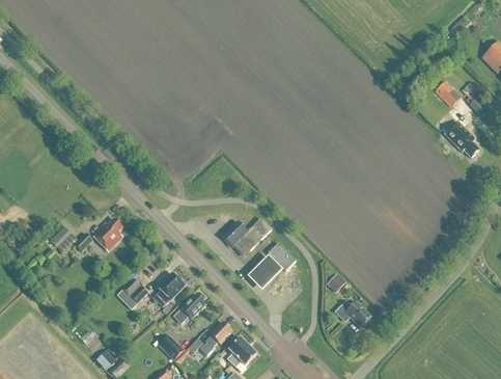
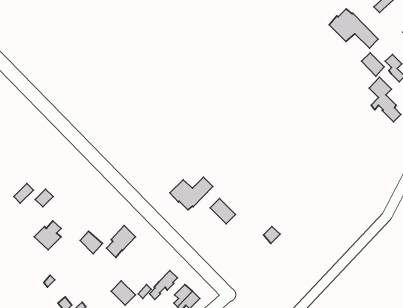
building: none -> [329,9,378,48]
building: [92,218,122,250] -> [34,221,61,250]
building: [248,256,281,291] -> none
building: [174,294,205,323] -> none
building: [336,301,369,325] -> none

